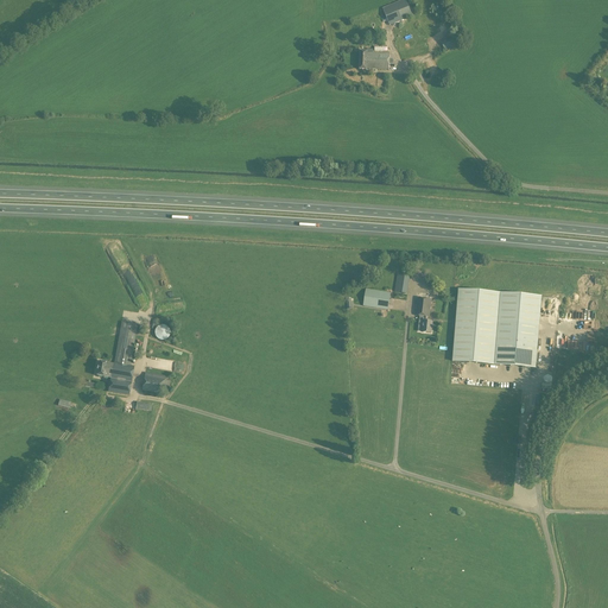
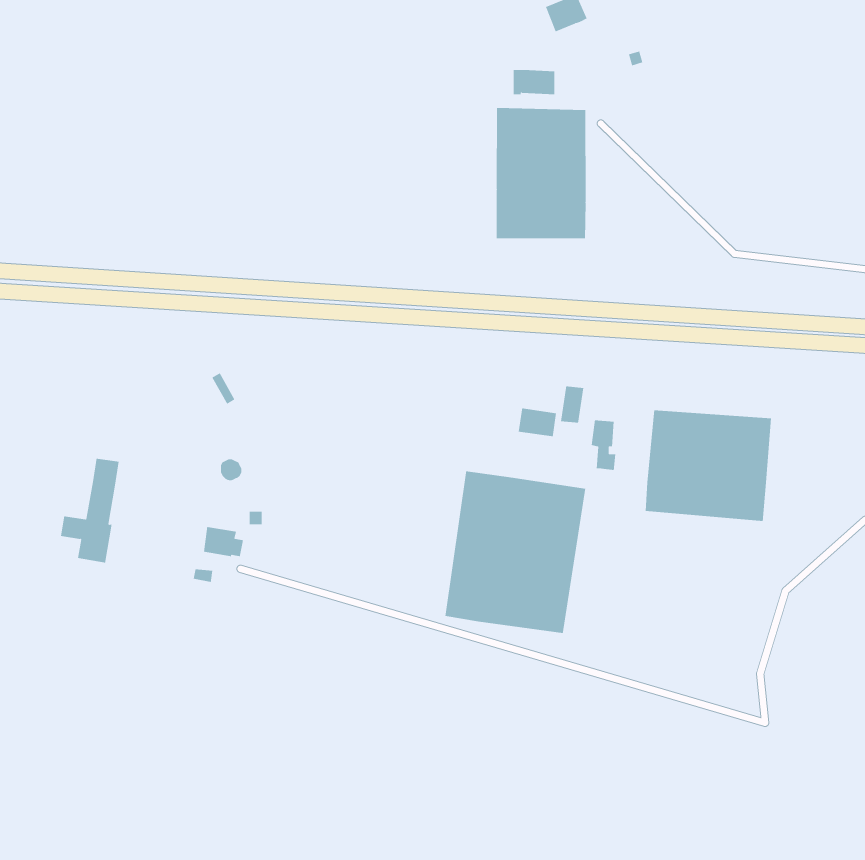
building: none -> [496,107,586,239]
building: [96,318,138,392] -> [60,458,119,563]
building: none -> [445,470,586,634]

